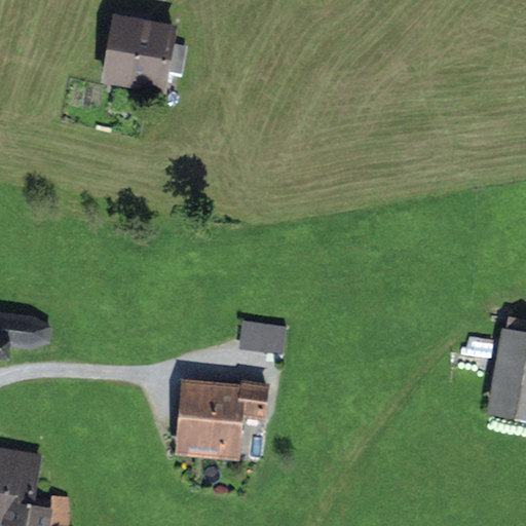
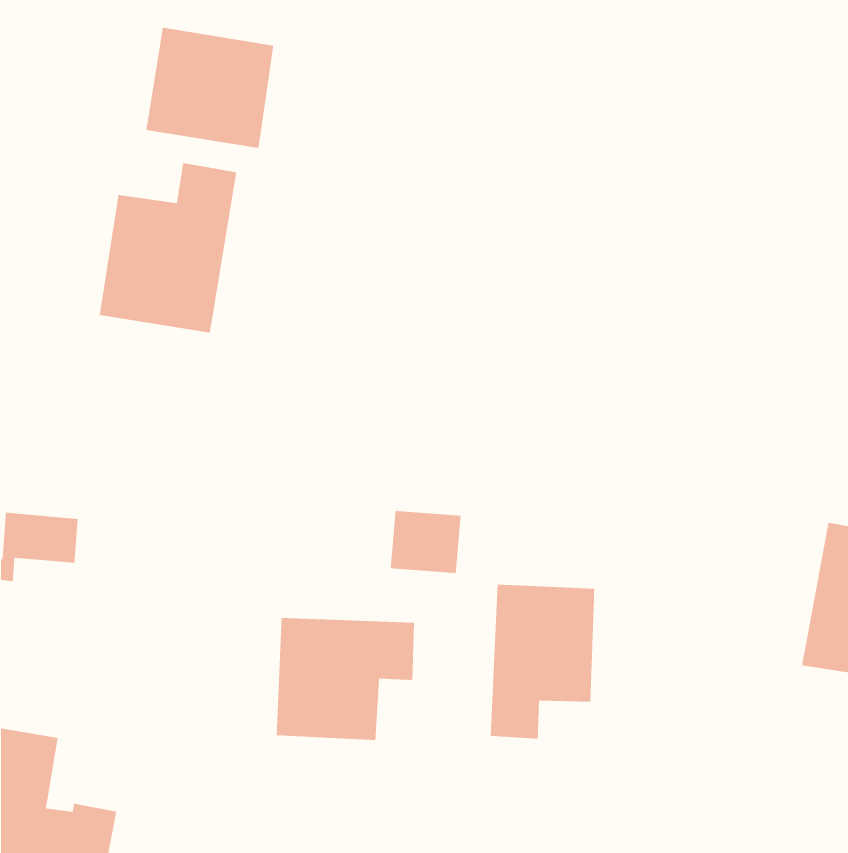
building: none -> [99,162,237,334]
building: none -> [490,584,595,739]

